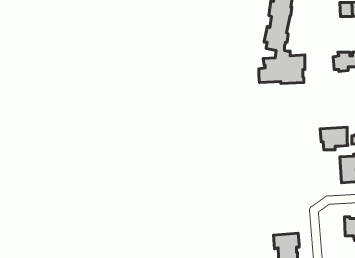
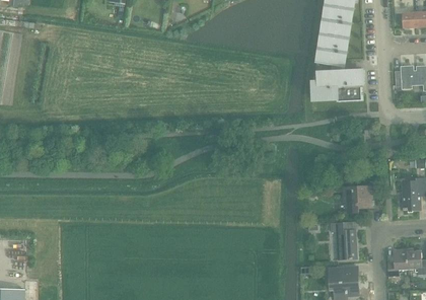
building: [320,127,348,150] -> [343,186,373,212]
building: none -> [331,223,356,259]
building: none -> [387,248,408,277]

